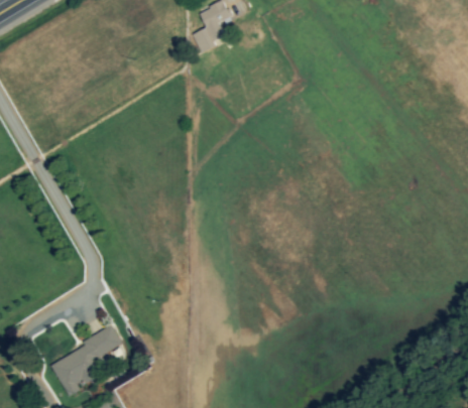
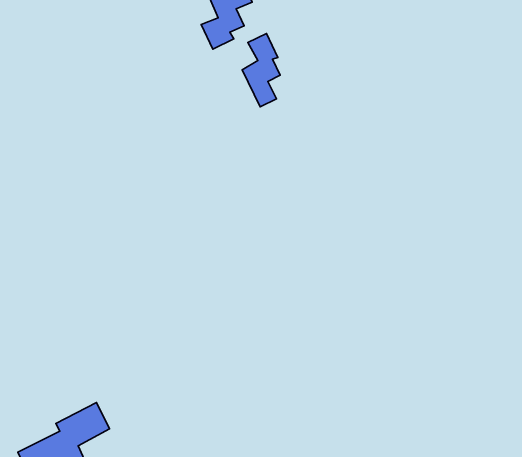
building: none -> [242,33,280,107]

